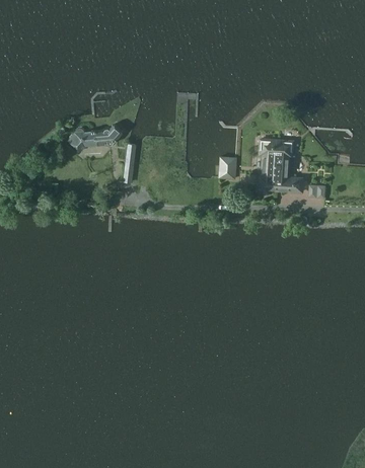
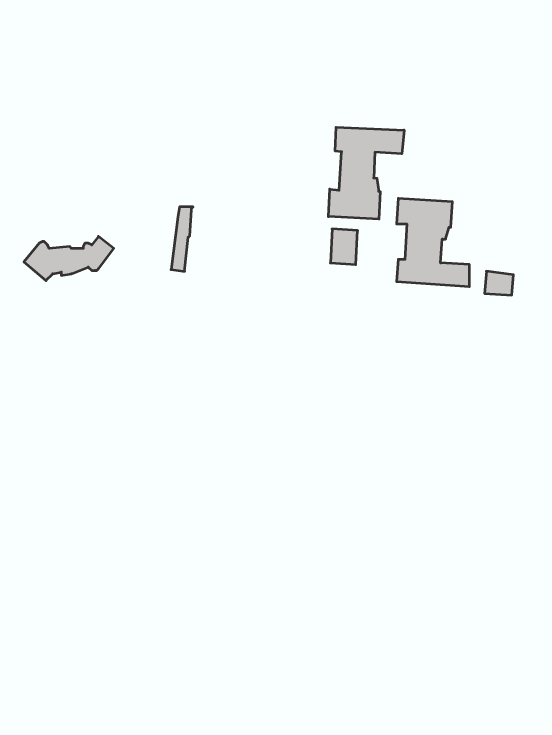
building: none -> [328,127,404,219]
building: [70,125,124,151] -> [24,236,114,281]

